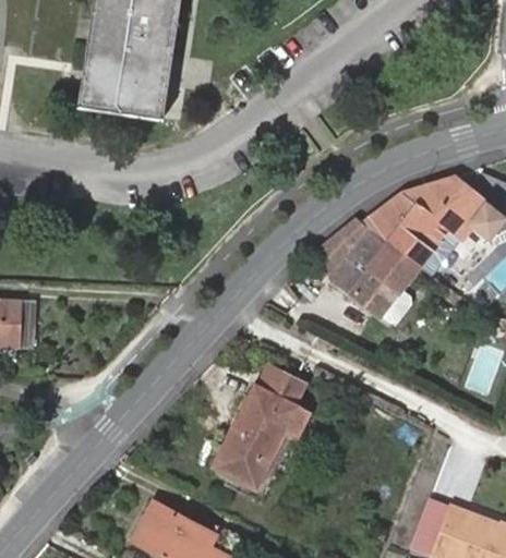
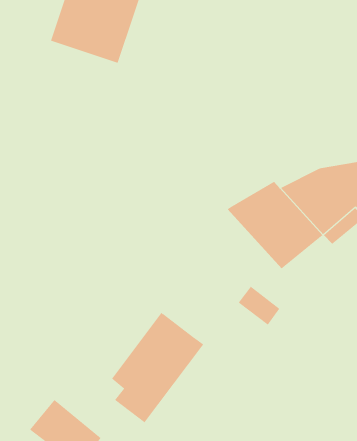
building: [258,364,306,404] -> [238,286,280,326]

